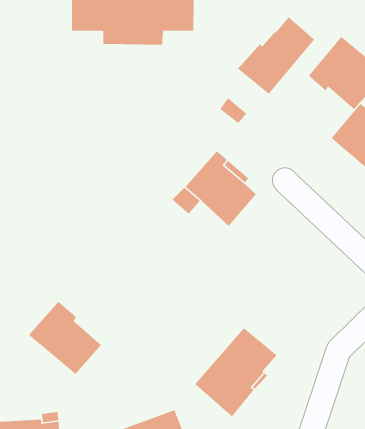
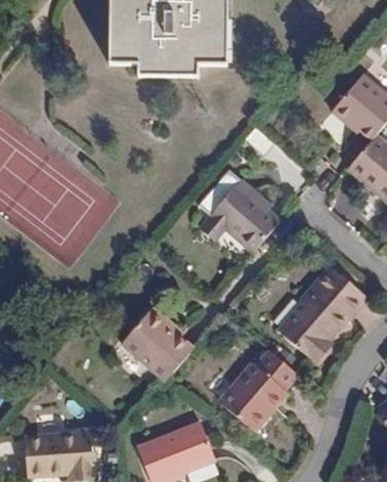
building: [237,16,315,95] -> none
building: none -> [282,267,369,360]
building: [28,301,102,375] -> [122,310,191,381]

